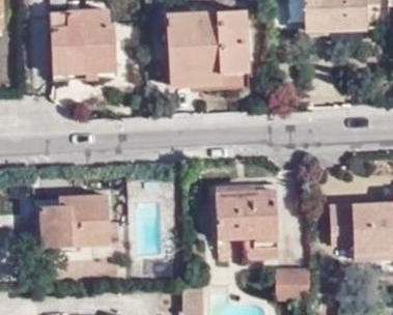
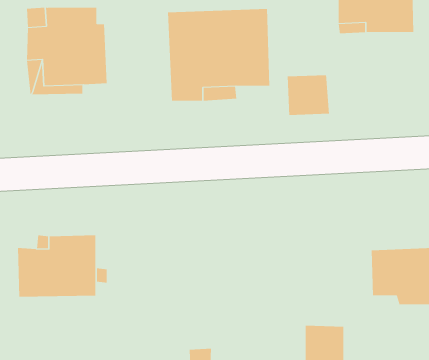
building: none -> [287,74,329,116]
building: [216,190,279,261] -> none

